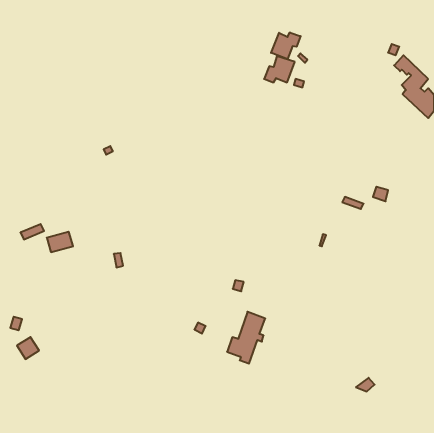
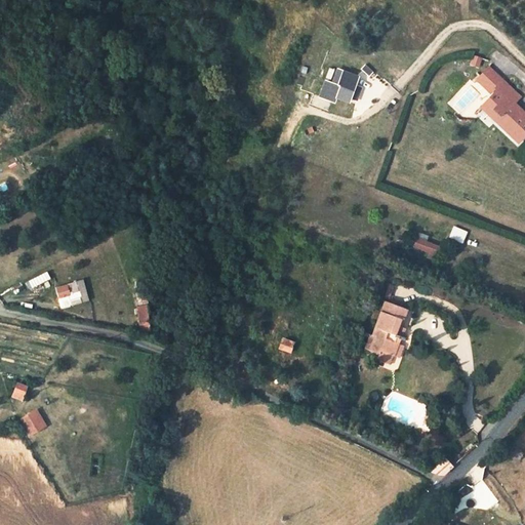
building: [271,32,301,59] -> none
building: [227,312,265,364] -> [361,301,407,364]

